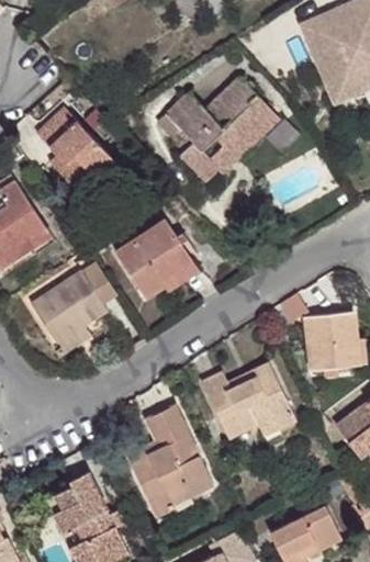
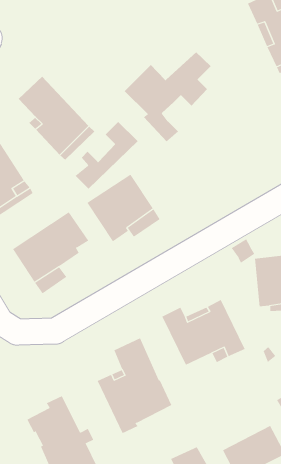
building: [208,95,280,173] -> [75,121,139,189]

